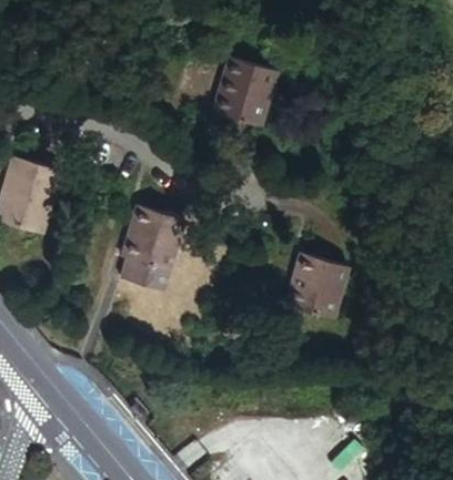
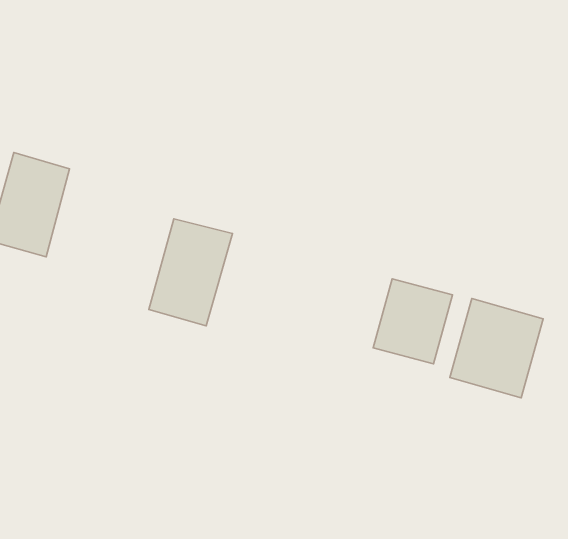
building: [211,57,274,122] -> none
building: none -> [450,299,543,398]

